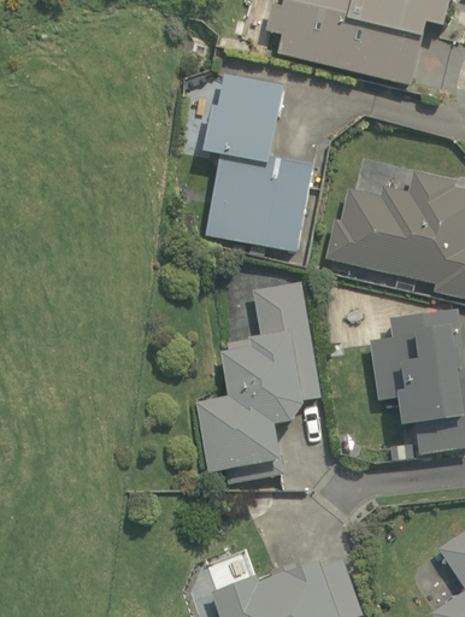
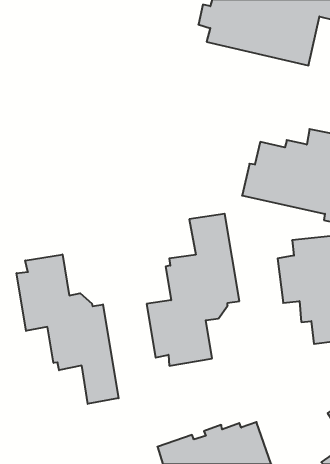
building: [201,74,312,252] -> none
building: none -> [17,254,119,404]

